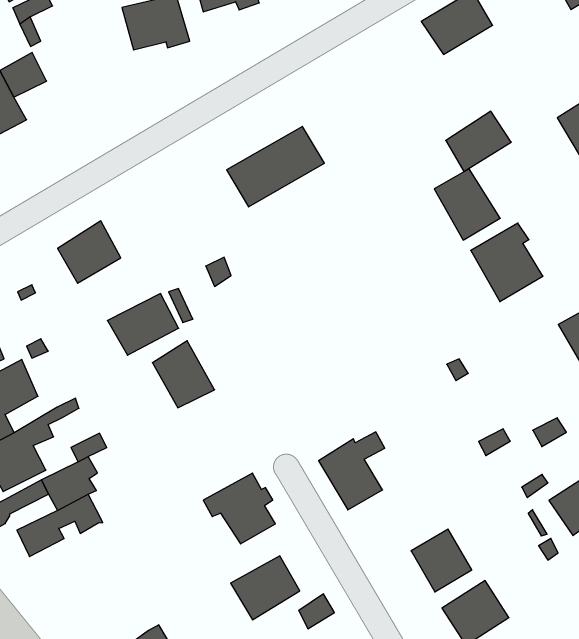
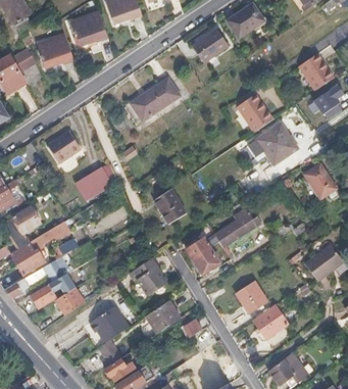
building: none -> [39,35,74,67]
building: [446,111,511,171] -> [193,30,227,61]
building: [152,341,215,408] -> [155,187,188,222]
building: none -> [214,207,262,246]
building: none -> [55,287,85,314]
building: none -> [89,305,128,341]

